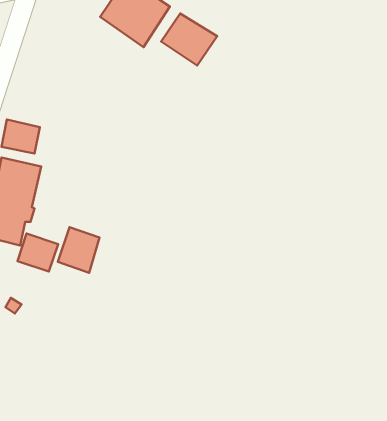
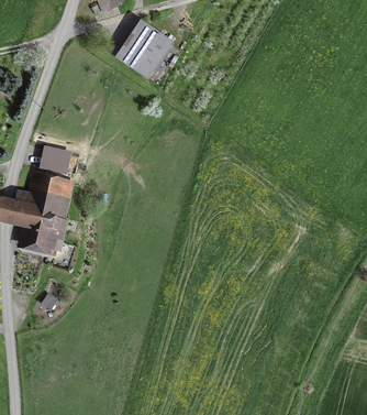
building: [161,13,217,66] -> none
building: [58,227,99,273] -> none

